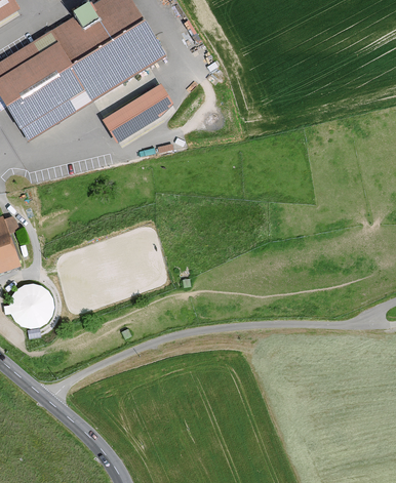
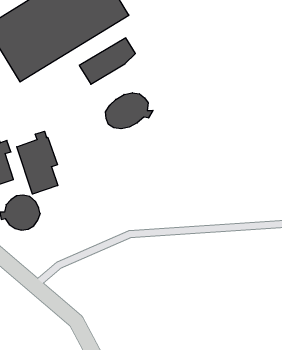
building: none -> [106,93,153,129]
building: none -> [17,131,58,194]

